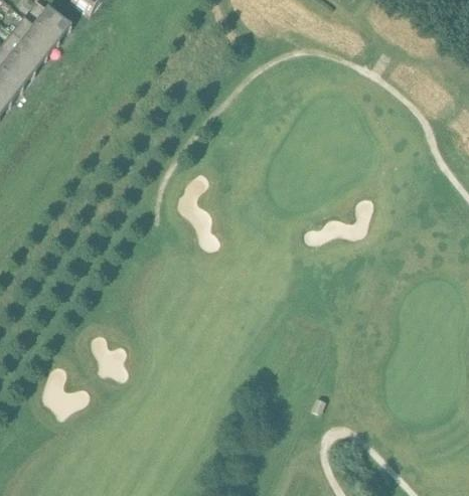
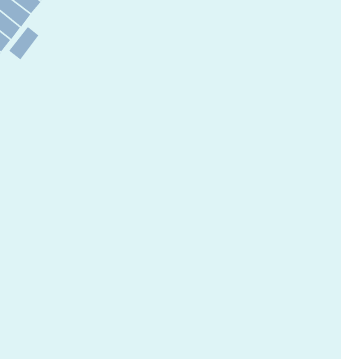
building: none -> [8,23,42,60]

